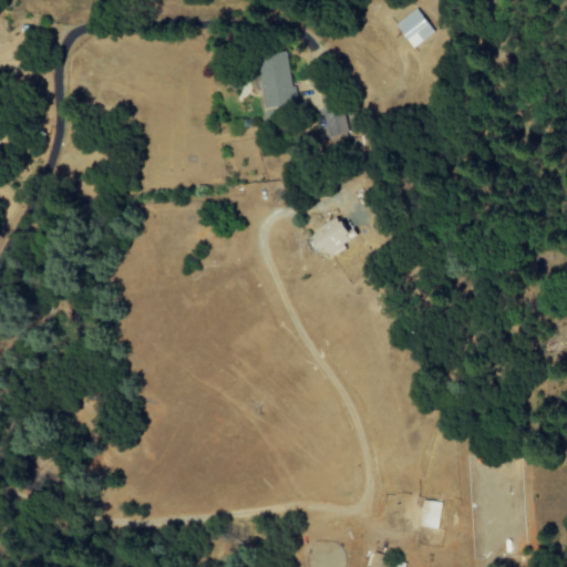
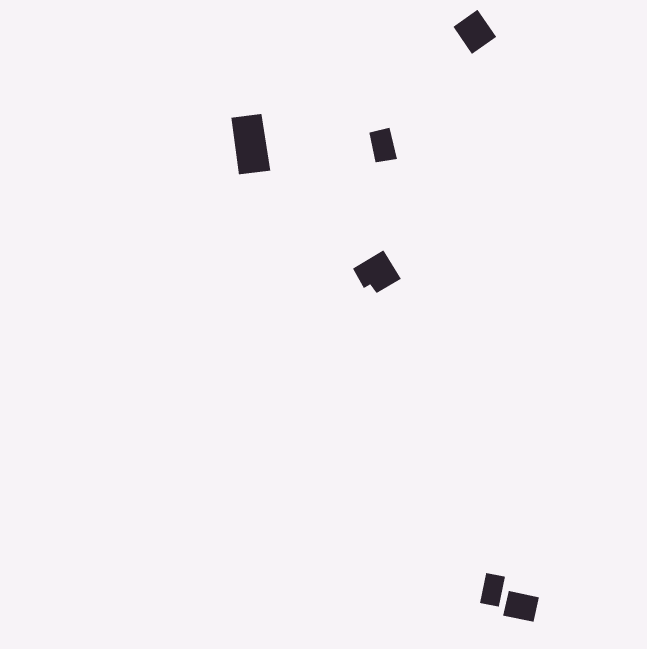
building: [260,54,296,107] -> [230,114,271,175]
building: none -> [503,590,539,623]

